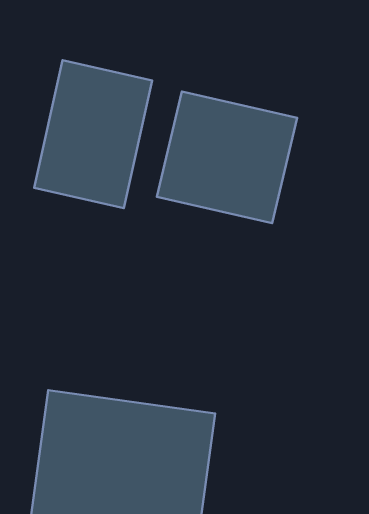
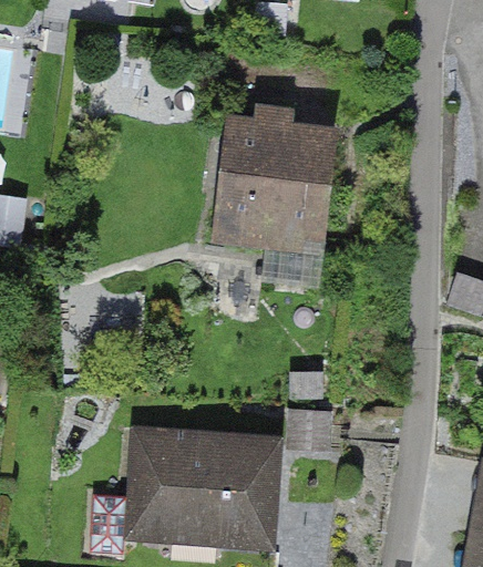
building: [34,60,152,208] -> none

